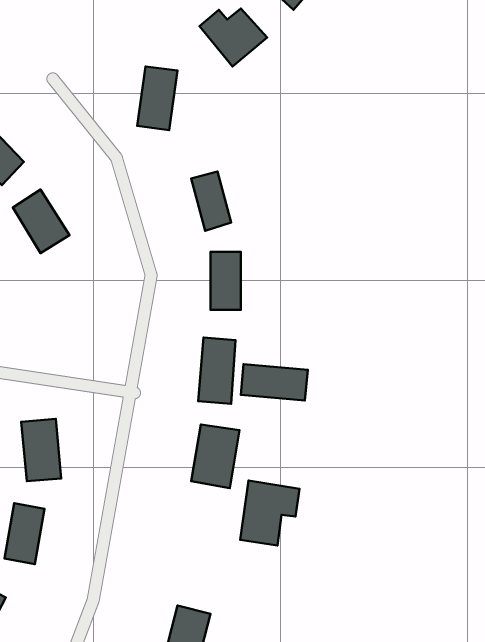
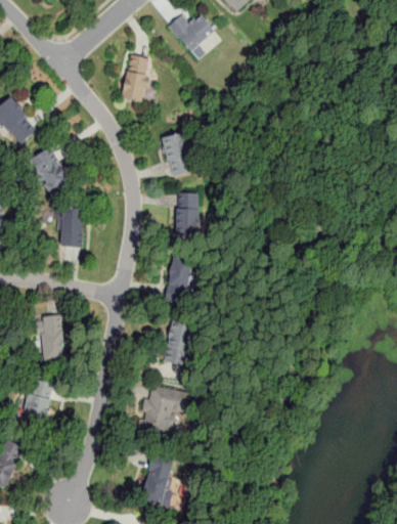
building: none -> [59,208,83,247]
building: [241,364,308,400] -> none
building: [240,480,300,545] -> [143,387,187,435]

